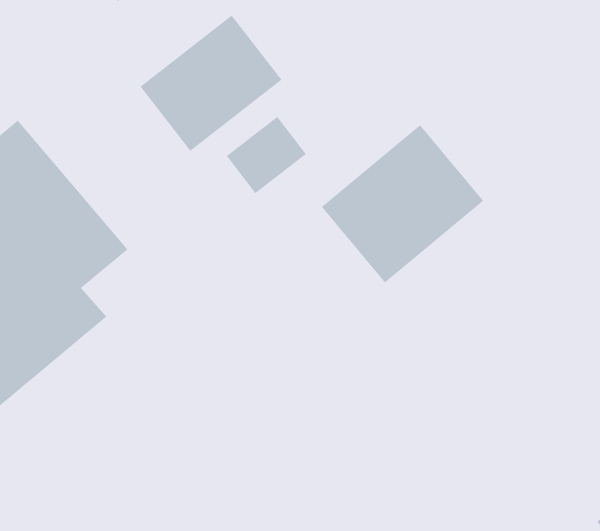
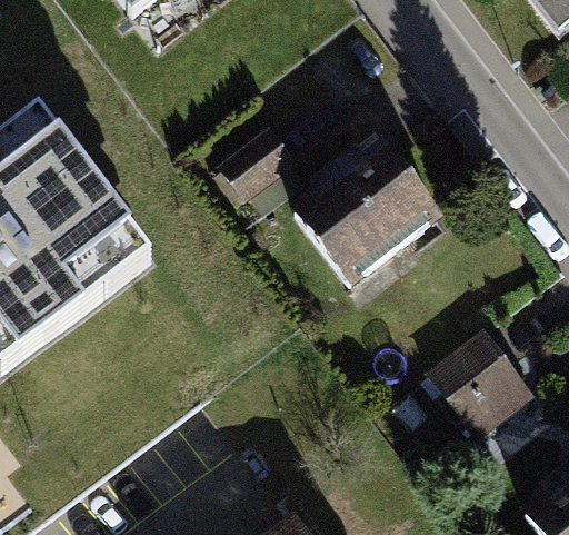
building: [139,14,283,152] -> none
building: none -> [429,331,526,430]

